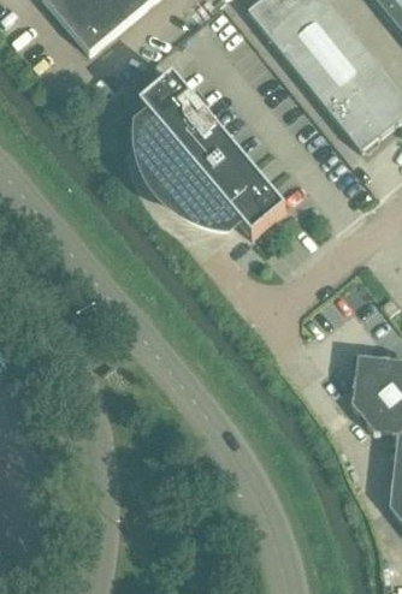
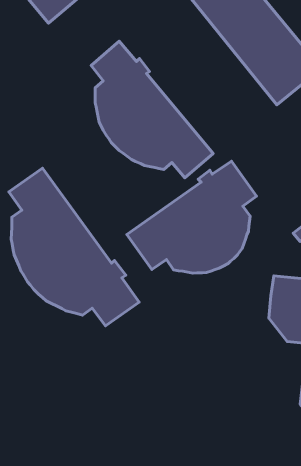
building: none -> [127,161,257,273]
building: none -> [9,168,139,326]

